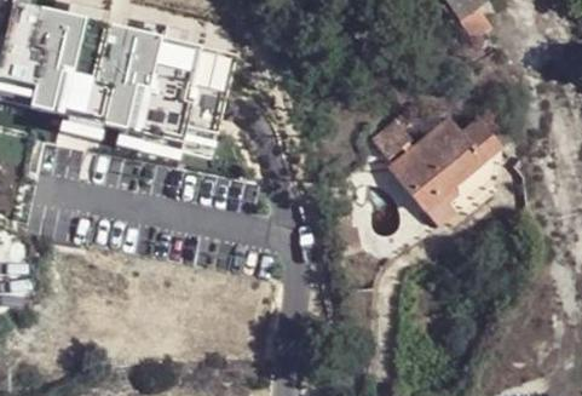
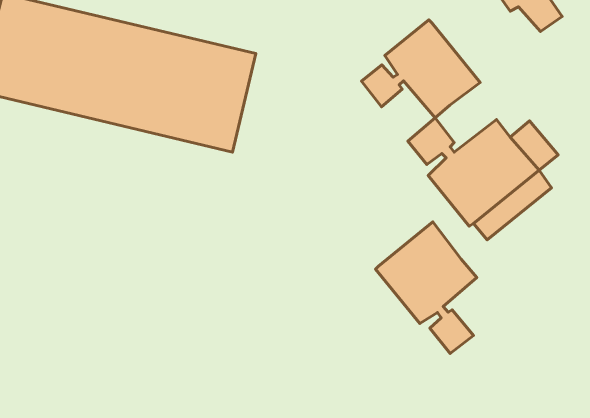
building: none -> [361,20,480,118]
building: none -> [376,222,477,353]

